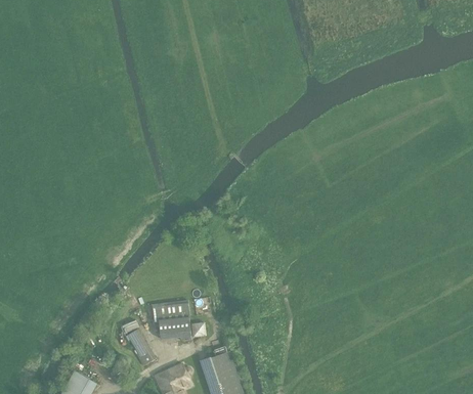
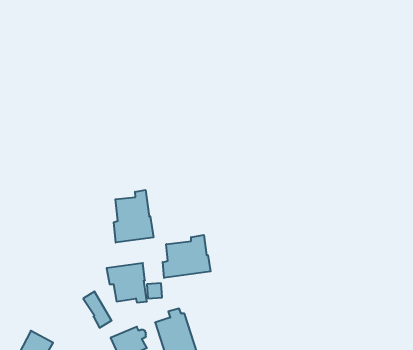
building: none -> [114,190,153,243]
building: none -> [163,235,211,278]

